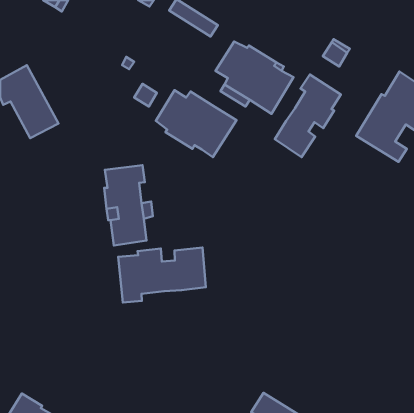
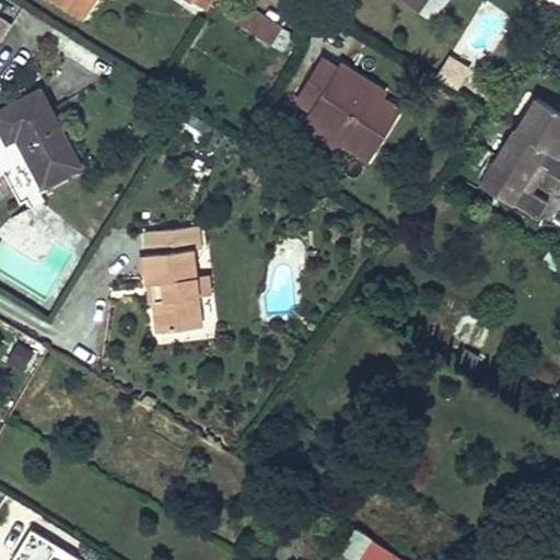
building: [275,74,341,157] -> none
building: [156,90,236,157] -> none
building: [118,248,206,302] -> none

